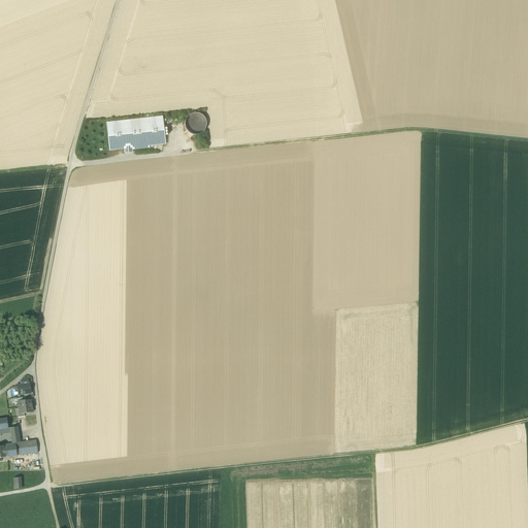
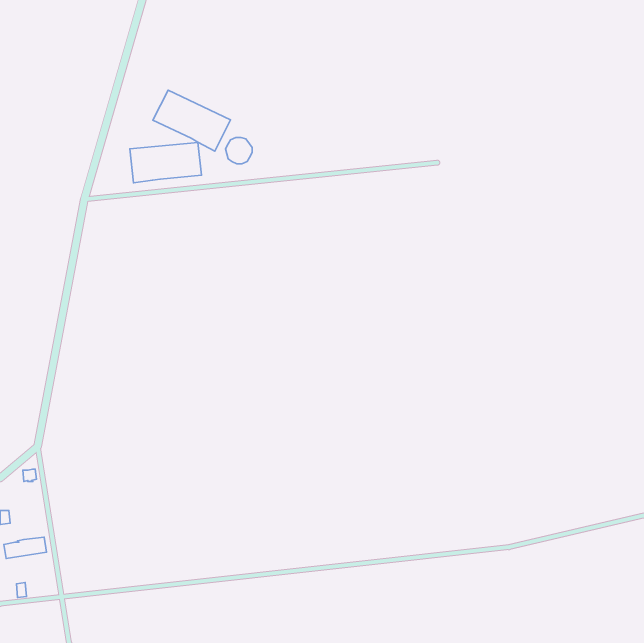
building: none -> [153,90,231,151]

